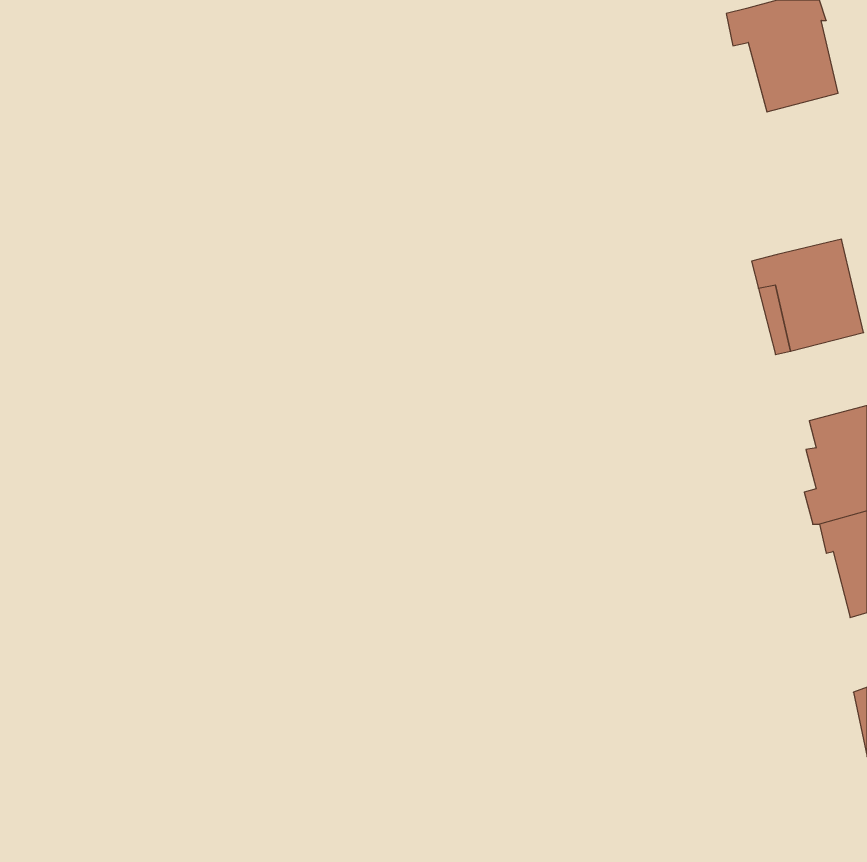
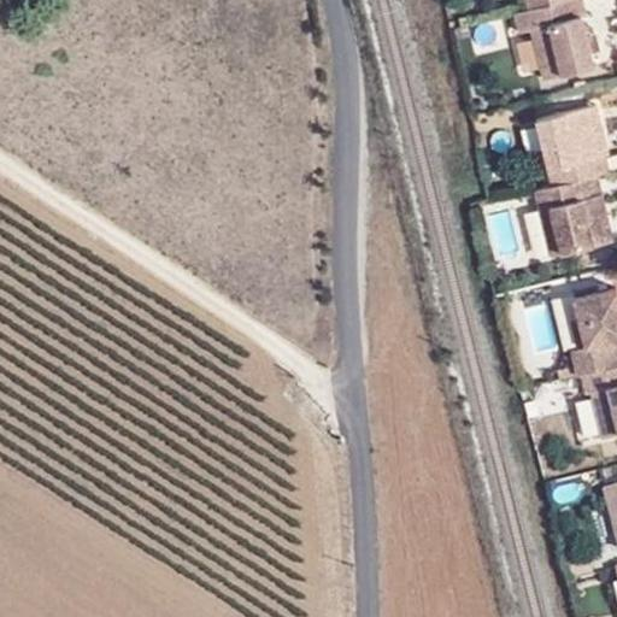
building: none -> [536,104,609,184]

